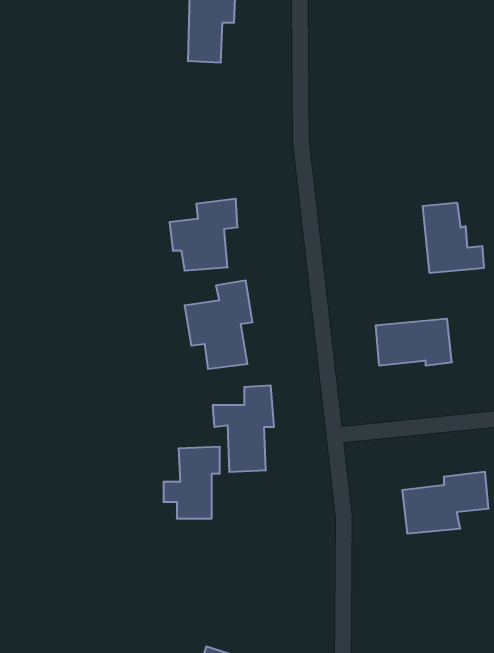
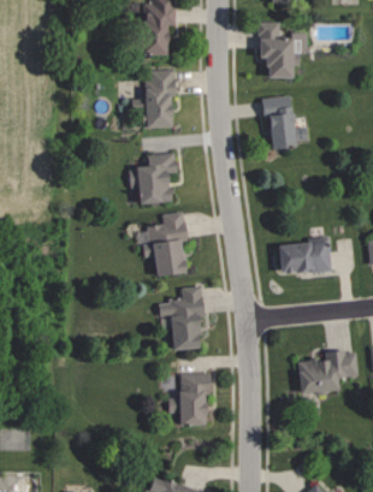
building: none -> [259,22,309,76]
building: none -> [146,70,176,126]
building: [423,203,484,273] -> [265,95,309,146]
building: [163,447,220,519] -> [170,373,211,425]

